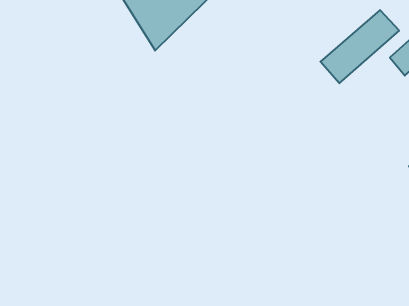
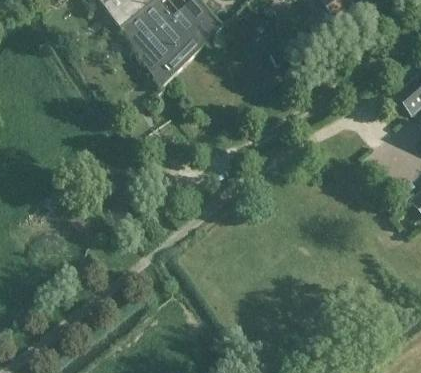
building: [320,10,399,83] -> none

